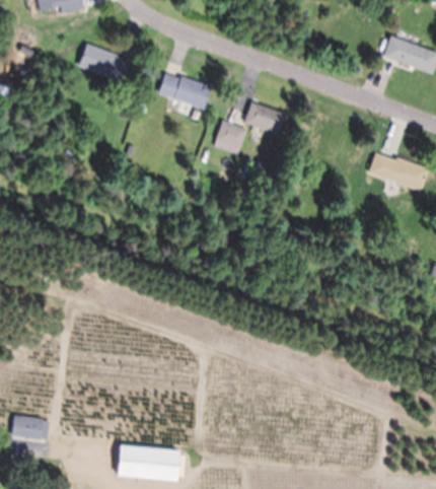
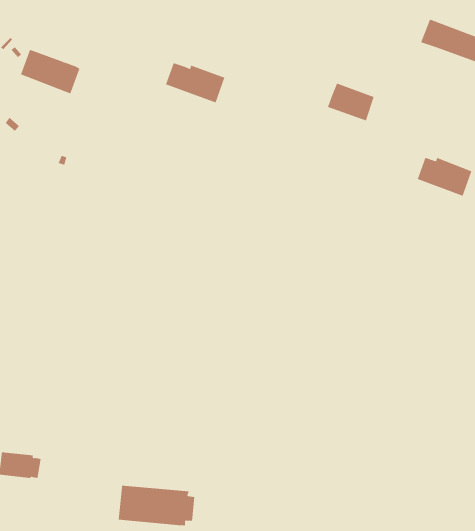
building: [77,43,130,82] -> [20,49,80,94]
building: [242,100,284,134] -> [327,83,375,121]
building: [214,120,245,147] -> none

